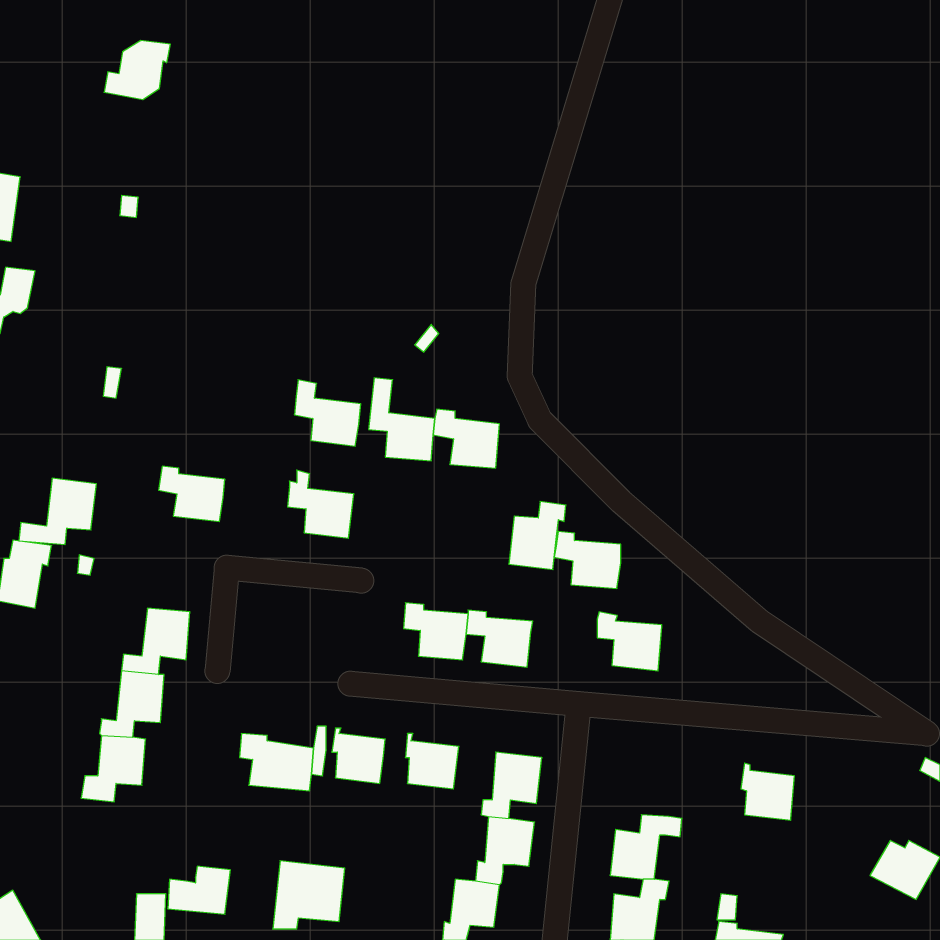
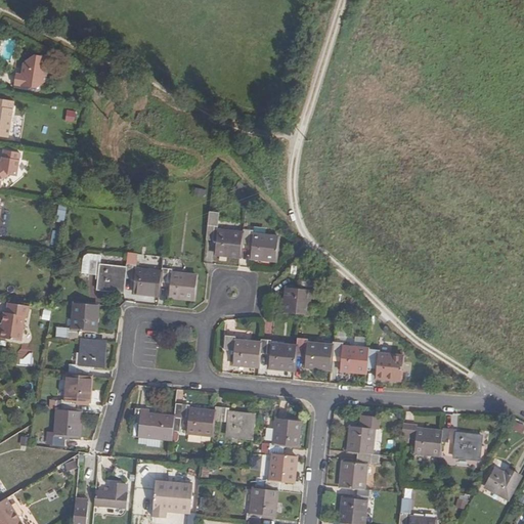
building: [104,41,170,100] -> [11,53,48,86]
building: [294,380,361,446] -> [124,257,161,294]
building: [19,478,96,545] -> [55,301,98,338]
building: [554,531,621,588] -> [295,337,332,368]
building: none -> [366,348,403,380]
building: none -> [347,418,378,453]
building: none -> [439,428,481,460]

